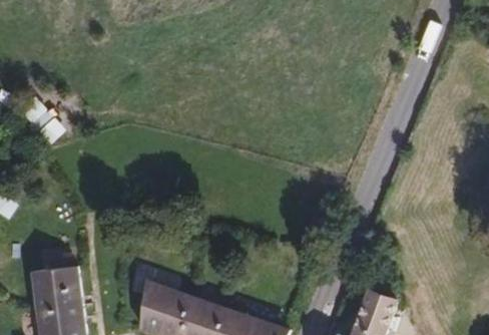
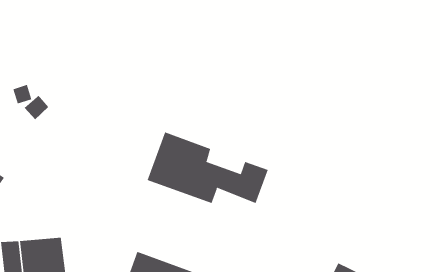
building: none -> [147,131,269,204]

